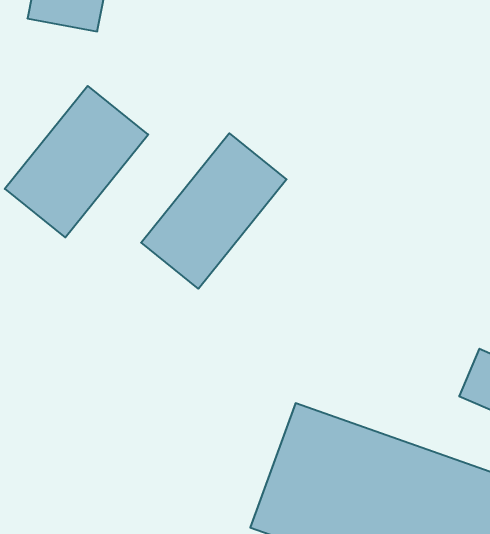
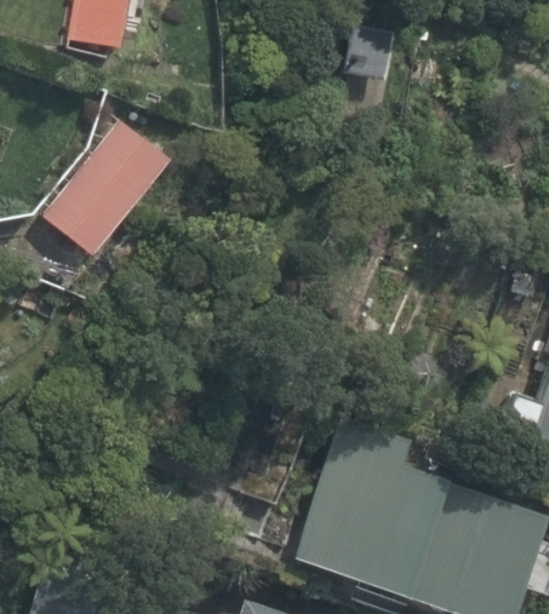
building: [141,133,287,289] -> none

